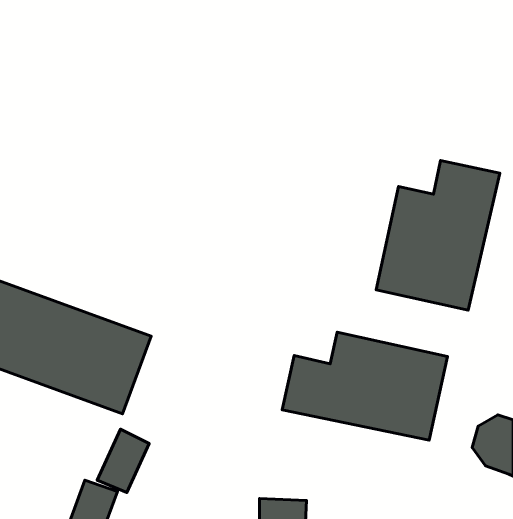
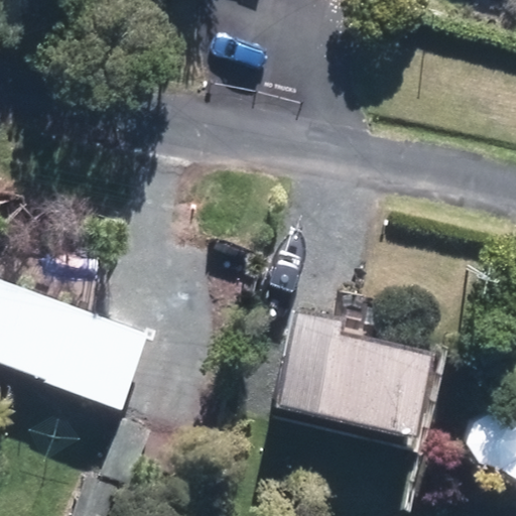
building: [376,160,500,310] -> none

